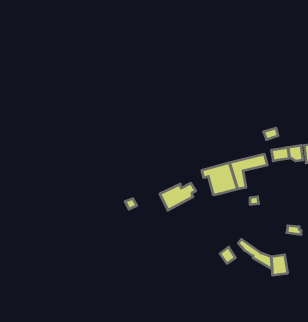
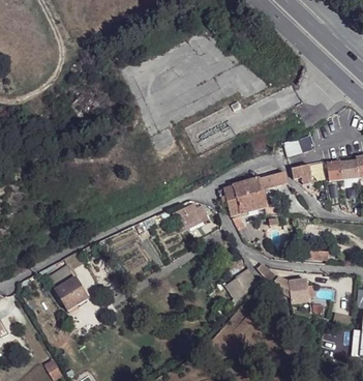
building: none -> [52,267,88,309]

